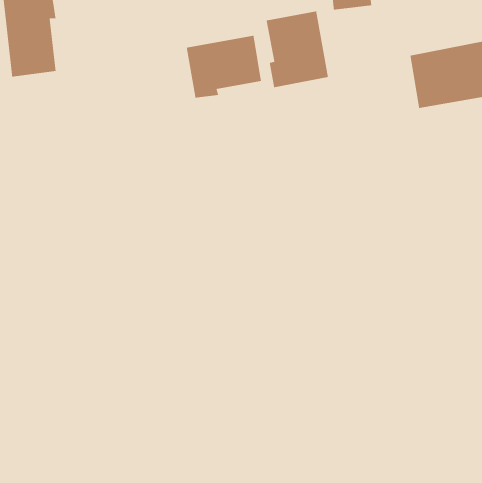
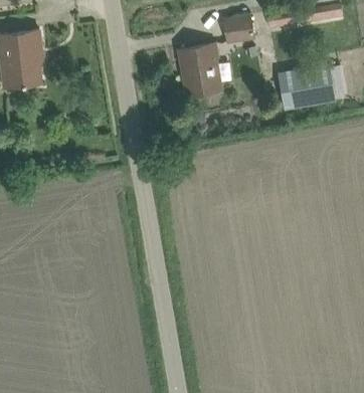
building: [186,35,262,98] -> none

